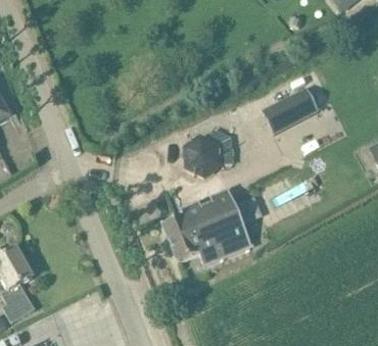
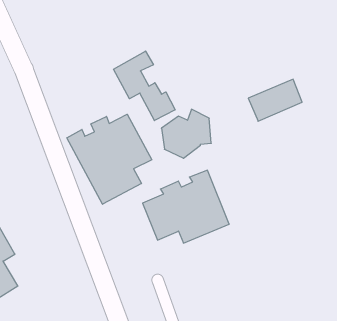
building: none -> [114,51,175,121]
building: none -> [67,114,152,204]

